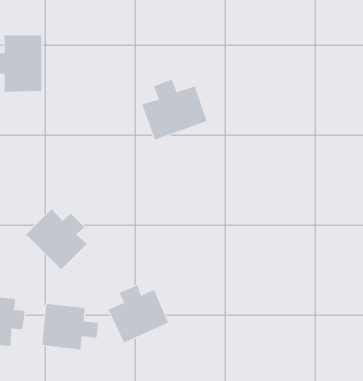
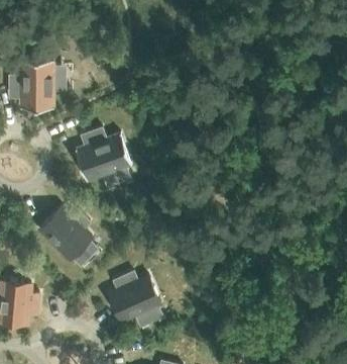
building: [141,79,208,141] -> [76,129,132,182]
building: [42,303,98,351] -> none

